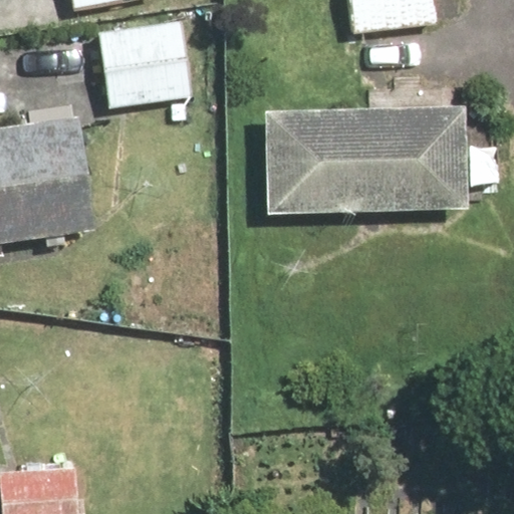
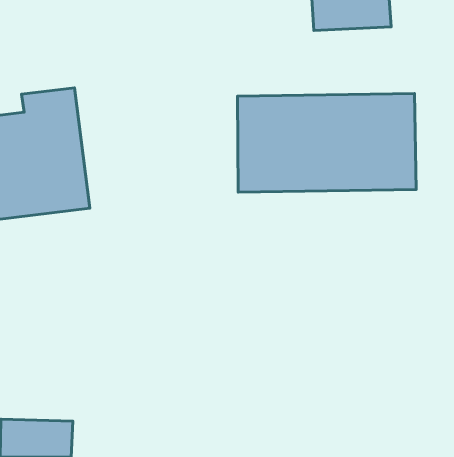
building: [98,21,193,103] -> none

